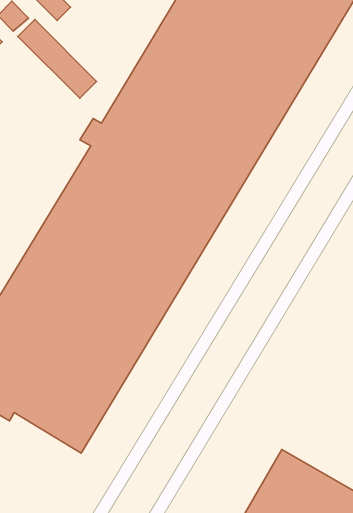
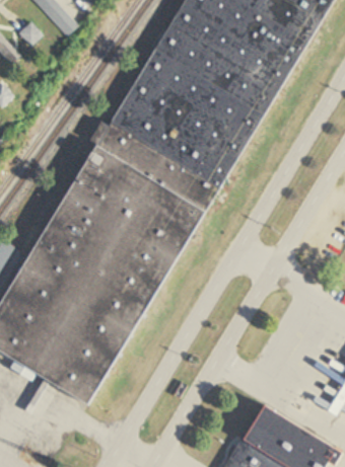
building: [18,19,97,98] -> none

